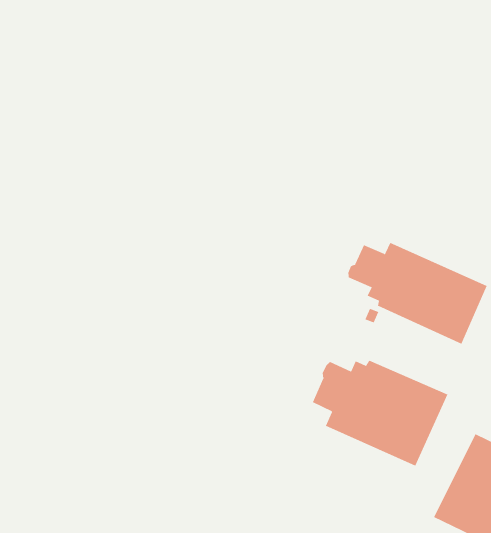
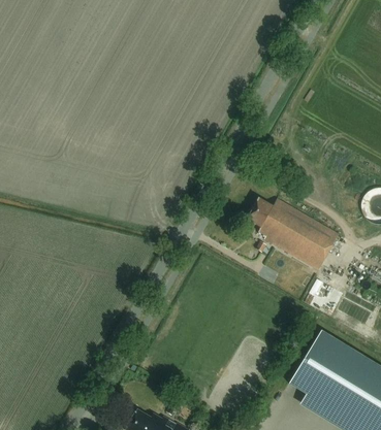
building: [312,360,448,466] -> none

